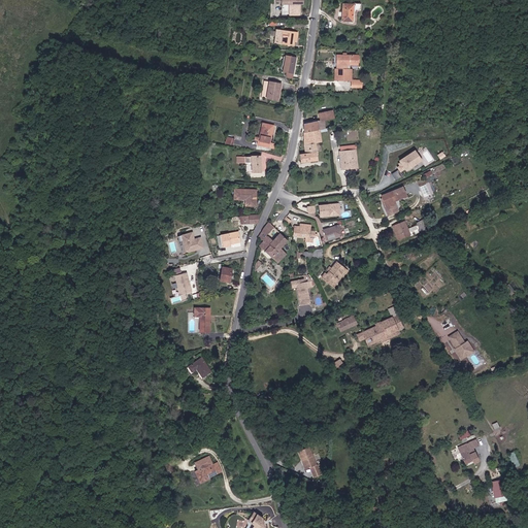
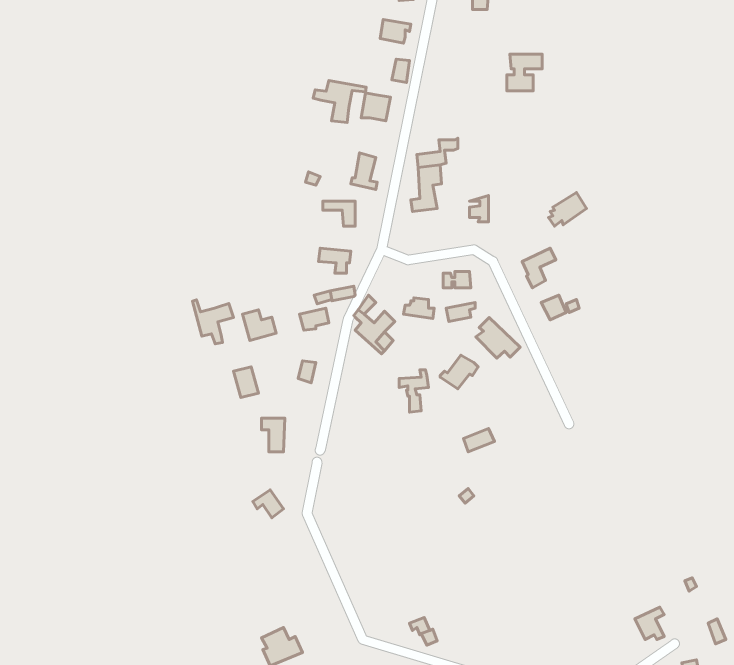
building: [334,54,359,79] -> [507,54,542,91]
building: none -> [313,80,366,123]
building: none -> [192,300,234,344]
building: none -> [476,317,520,358]
building: [362,316,405,348] -> none
building: [448,330,475,361] -> none

